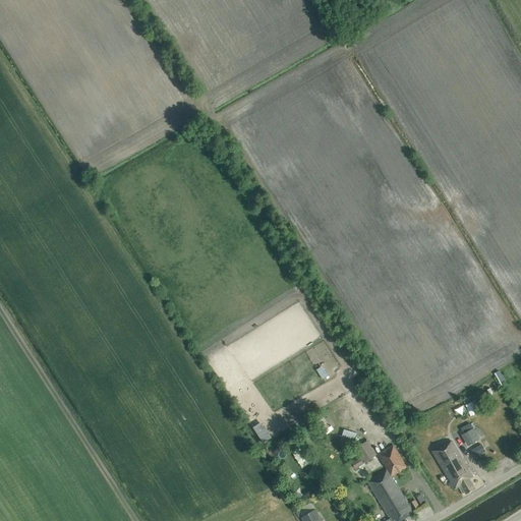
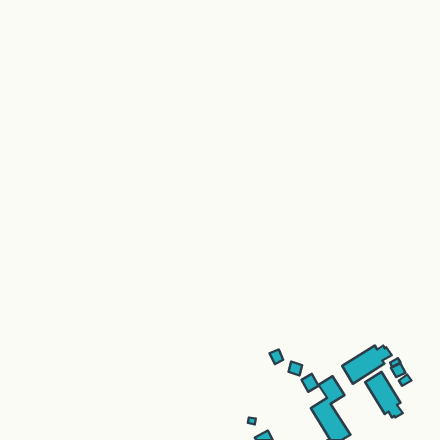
building: none -> [342,345,392,384]

